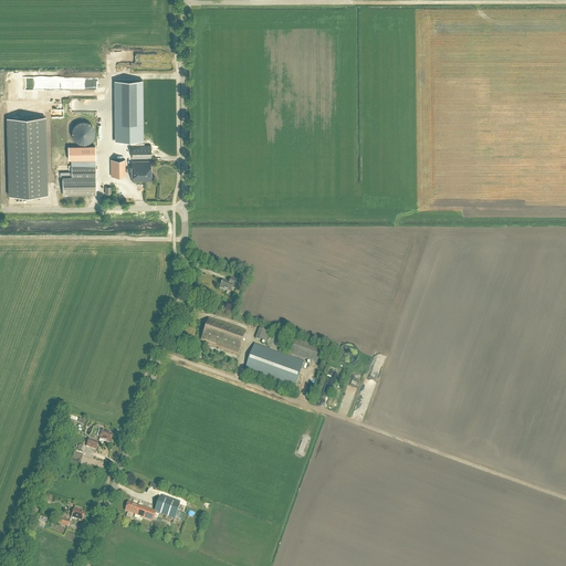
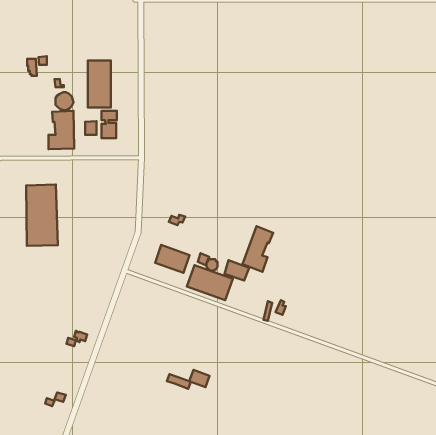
building: [7,115,48,195] -> [26,185,58,246]
building: none -> [242,226,273,272]
building: [125,496,180,521] -> [167,370,210,389]

